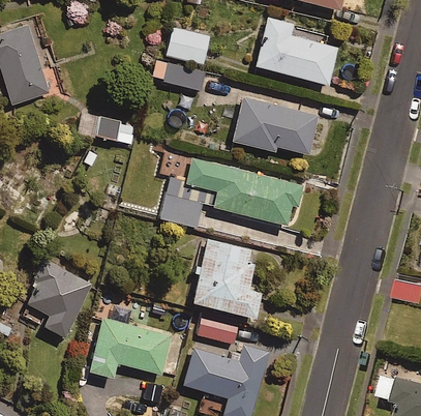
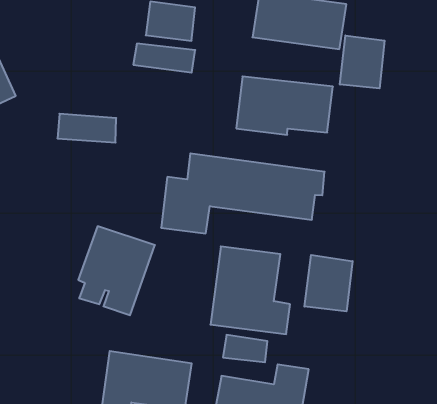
building: none -> [340,35,385,88]
building: none -> [304,255,353,311]
building: [23,260,92,338] -> [78,226,155,315]

